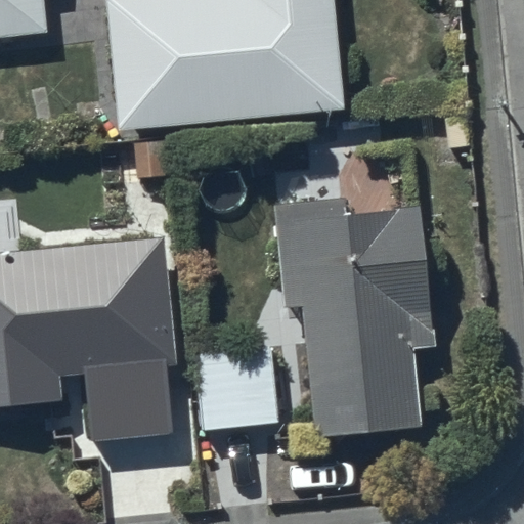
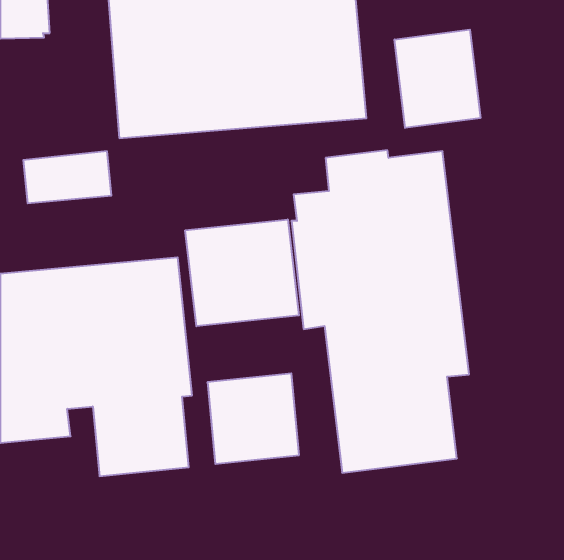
building: none -> [395,30,480,128]
building: none -> [185,219,299,326]

